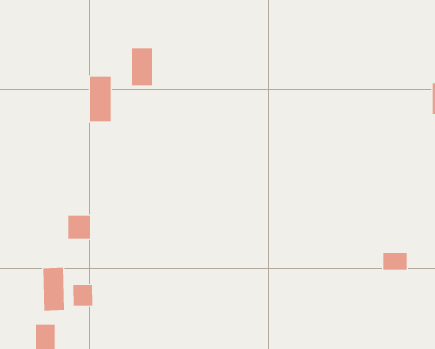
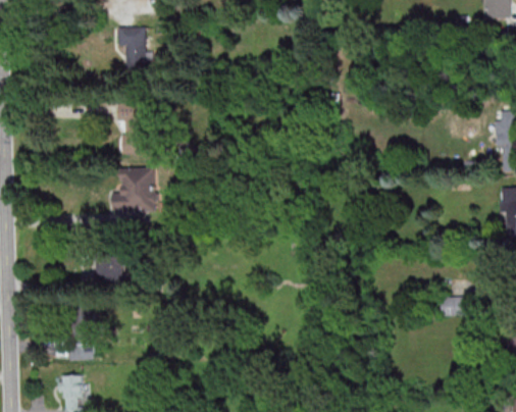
building: [131,48,153,86] -> [121,28,145,69]
building: none -> [113,167,157,212]
building: [73,284,93,307] -> none

